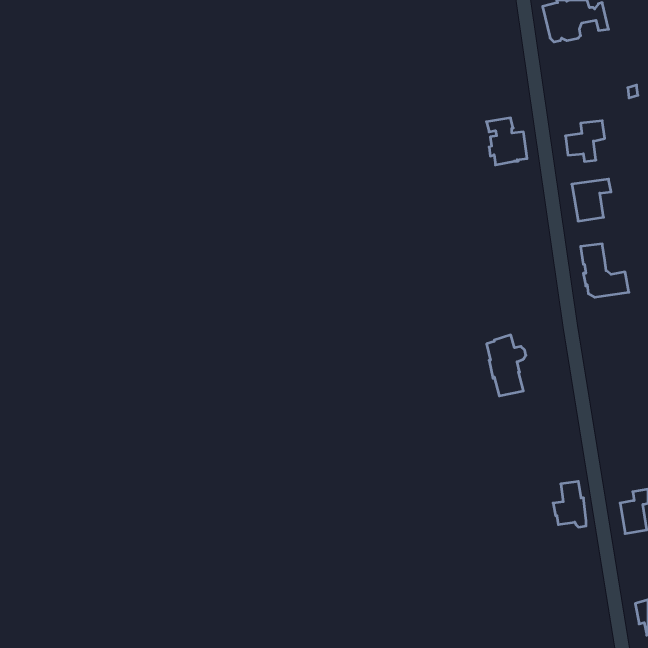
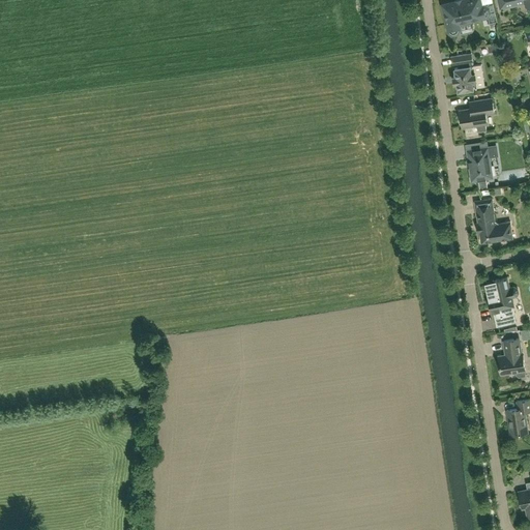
building: [486,118,527,165] -> [450,54,483,92]
building: [487,335,526,396] -> [485,277,518,327]
building: [553,481,586,527] -> [497,340,524,377]

